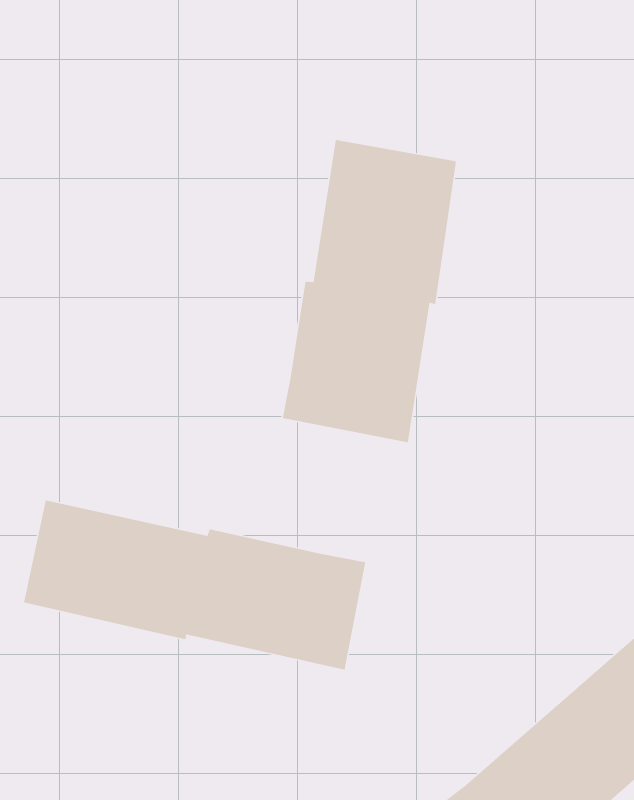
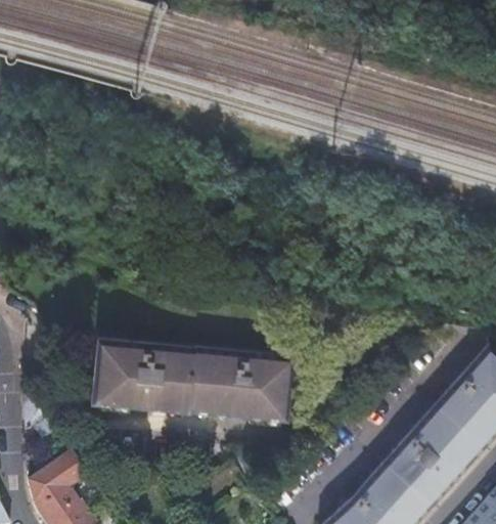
building: [282,139,457,443] -> none

